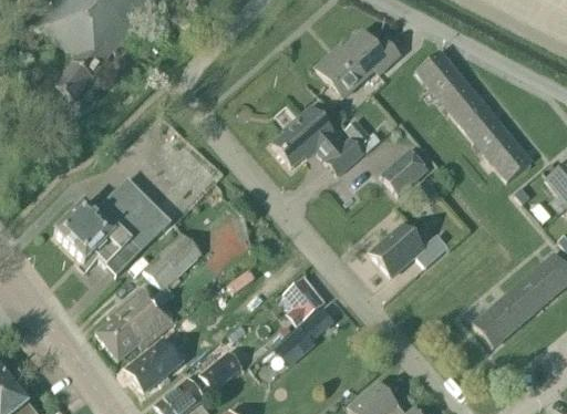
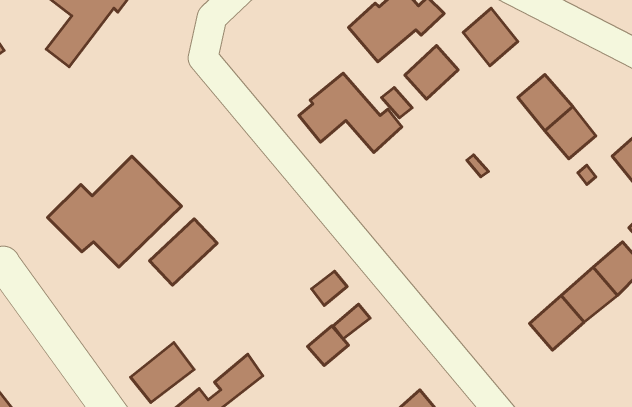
building: [440,79,487,127] -> none
building: [381,147,427,194] -> [405,46,458,99]
building: [371,225,449,276] -> none
building: [96,286,175,361] -> none

